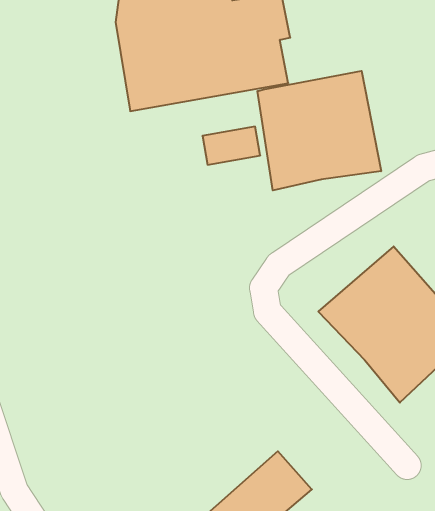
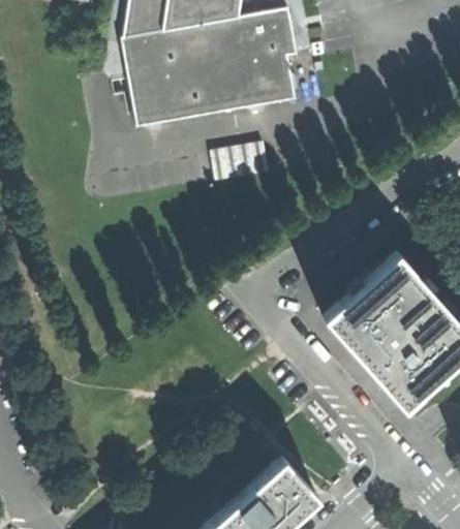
building: [257,71,381,190] -> none

